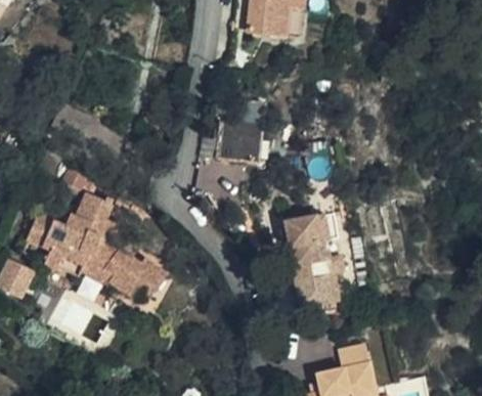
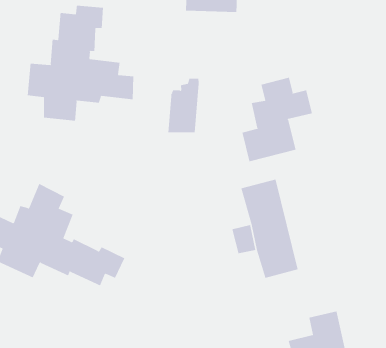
building: none -> [27,5,134,122]
building: none -> [242,77,312,162]

